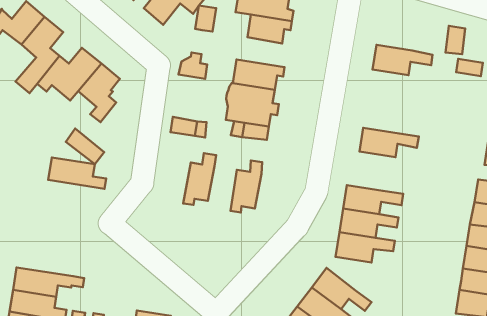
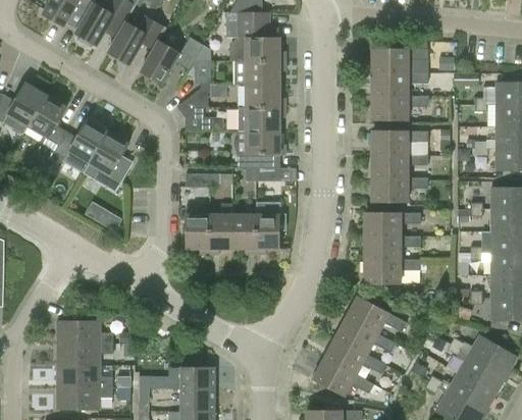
building: none -> [372,49,428,71]
building: none -> [176,84,211,117]
building: none -> [239,84,286,107]
building: none -> [372,96,433,120]
building: none -> [372,130,427,154]
building: none -> [186,206,210,255]
building: none -> [372,177,427,202]
building: [48,157,106,189] -> [57,320,113,343]
building: none -> [232,214,256,255]

